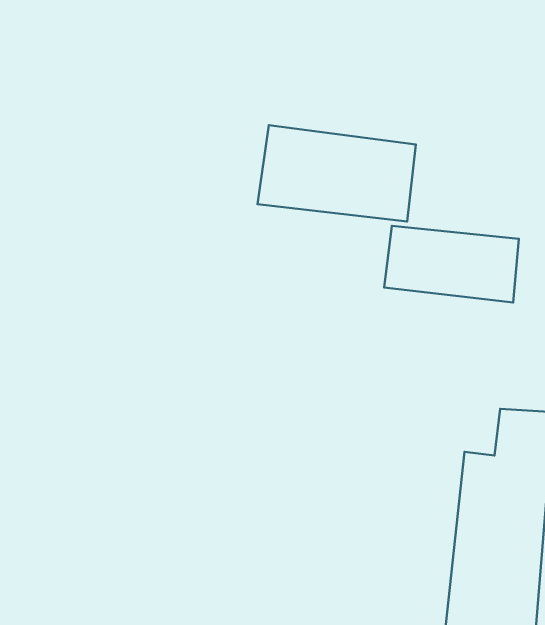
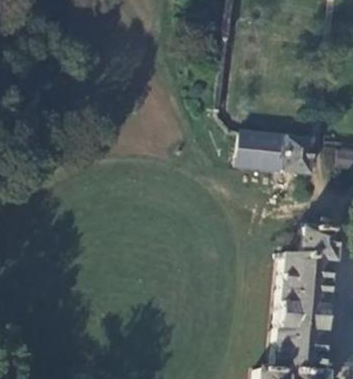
building: [258,125,416,222] -> none

